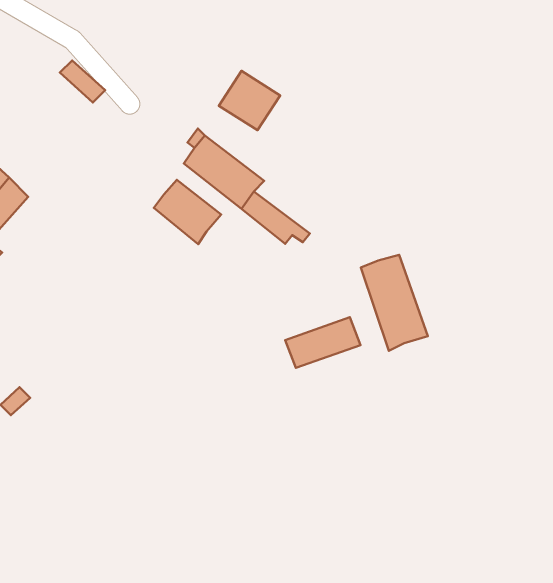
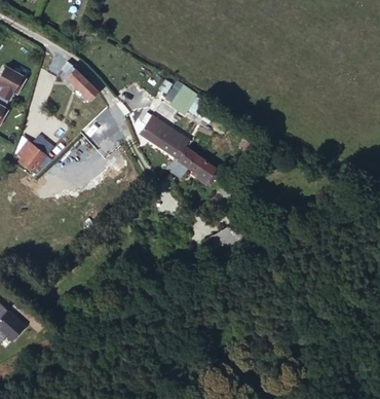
building: [154,180,221,244] -> none
building: [361,255,428,351] -> none

